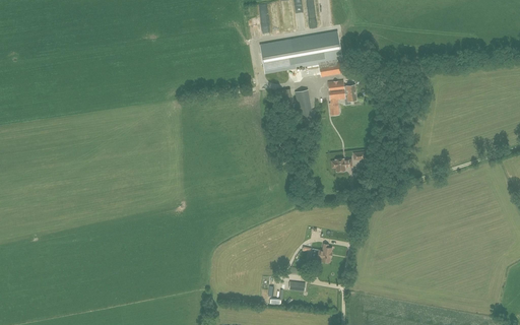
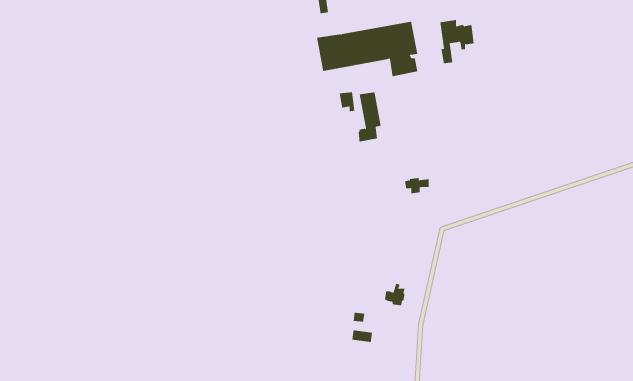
building: [328,78,356,114] -> [439,20,475,64]

